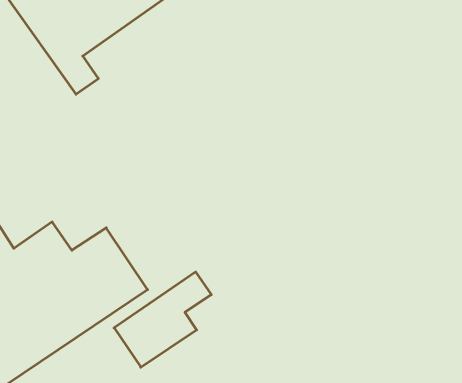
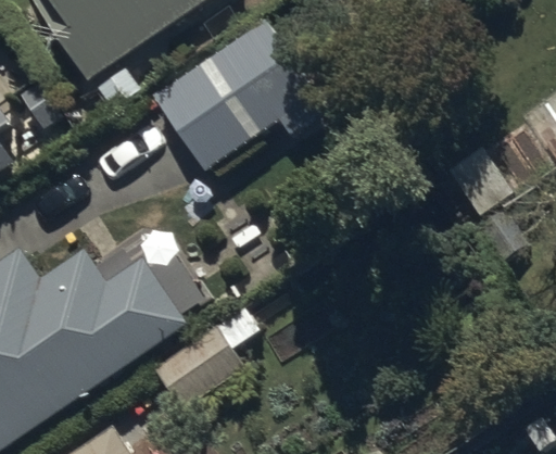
building: none -> [151,18,332,172]

